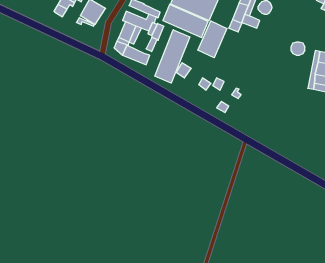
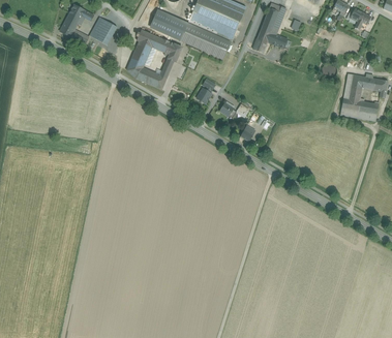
building: [198,21,227,58] -> none
building: [155,30,190,83] -> none

